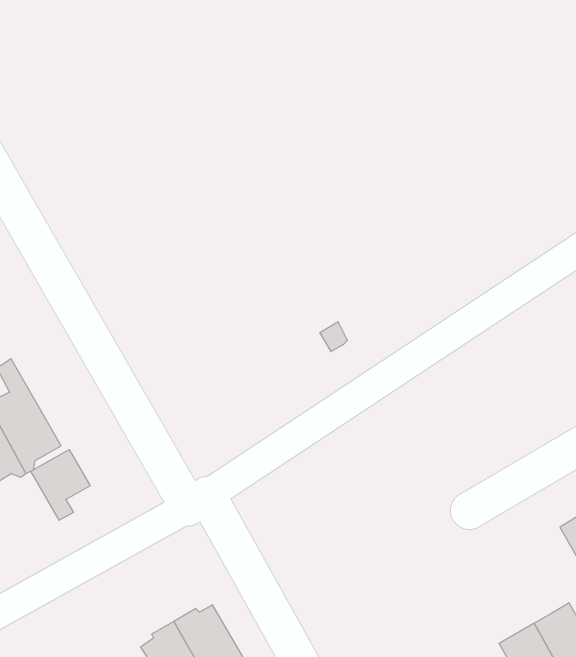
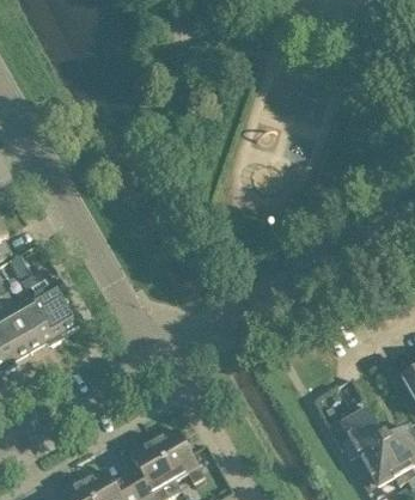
building: [31,450,90,520] -> none
building: none -> [343,400,393,452]

